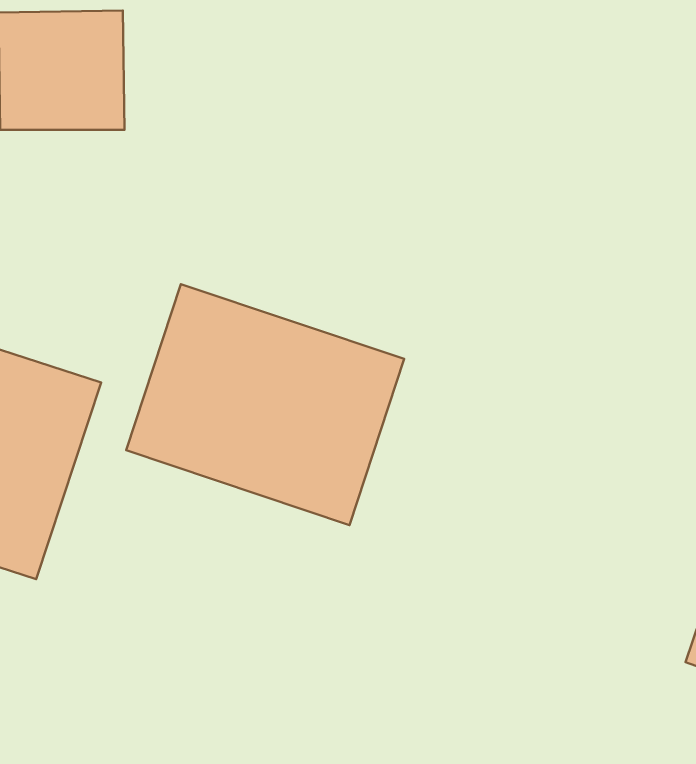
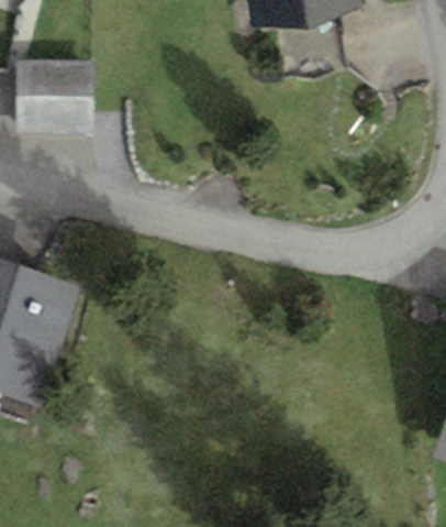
building: [126,284,404,525] -> none

